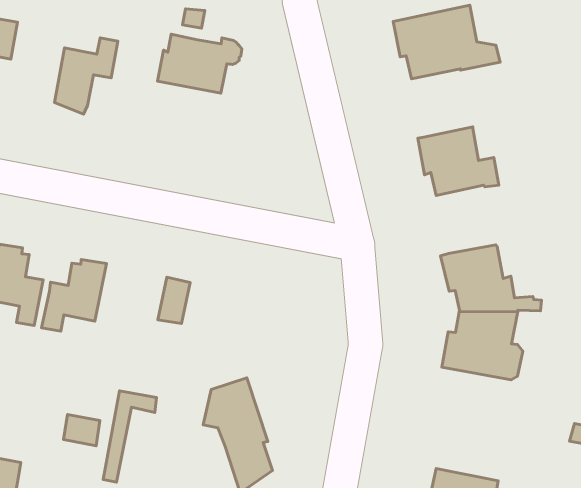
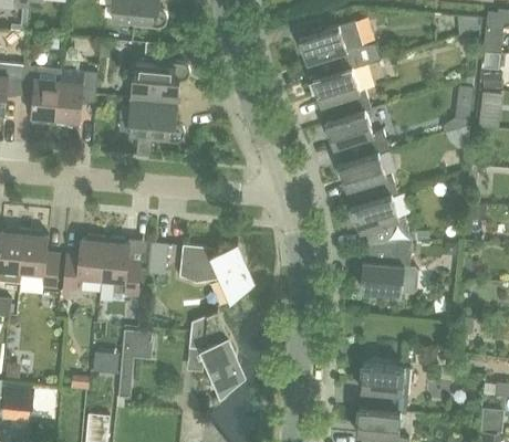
building: none -> [19,66,59,125]
building: none -> [311,69,370,122]
building: none -> [127,99,183,158]
building: none -> [337,152,396,206]
building: none -> [100,238,139,296]
building: none -> [178,242,251,303]

